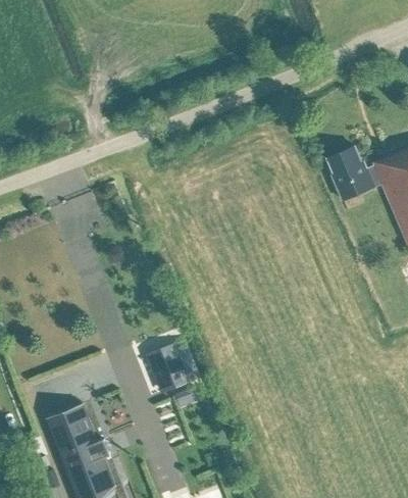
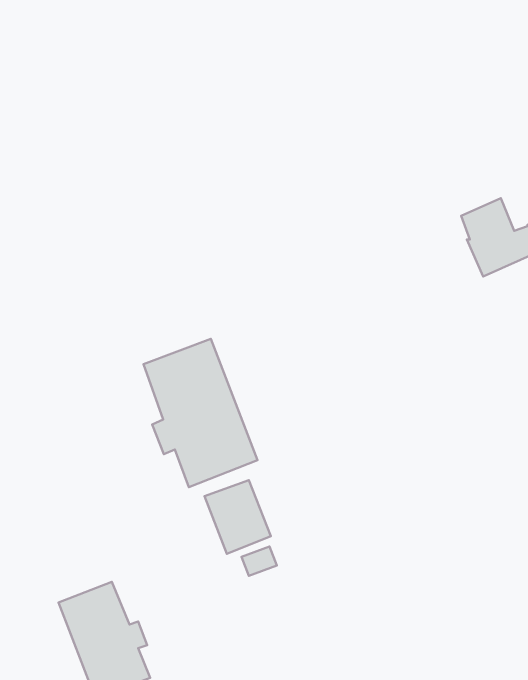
building: none -> [143,339,257,487]

